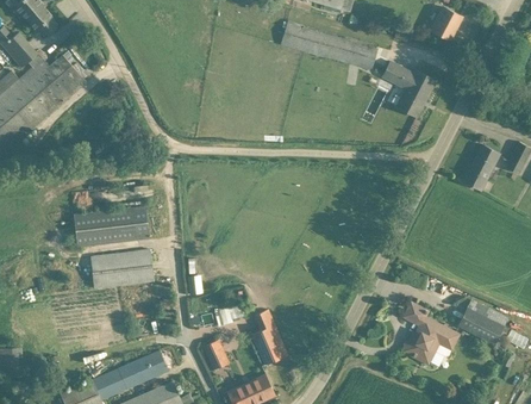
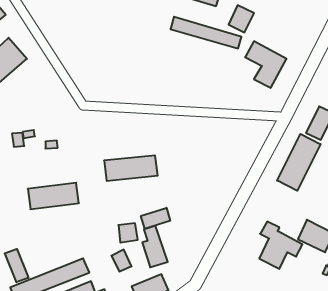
building: [430,6,464,43] -> [229,5,254,32]
building: none -> [277,134,321,191]
building: [74,206,146,241] -> [104,155,158,181]
building: none -> [141,208,170,229]
building: none -> [5,249,28,282]

